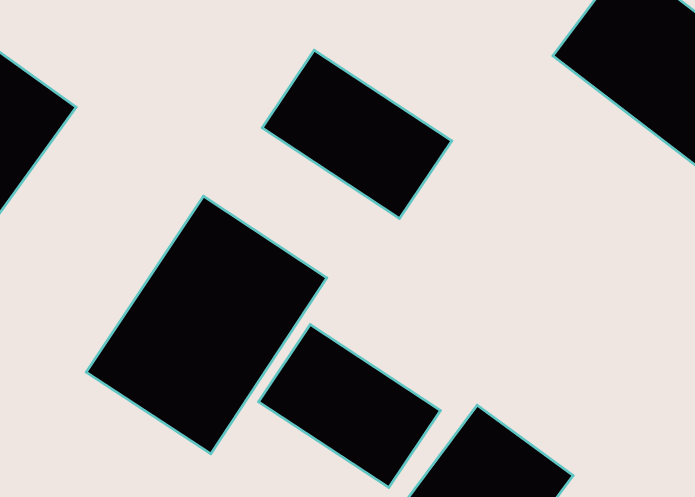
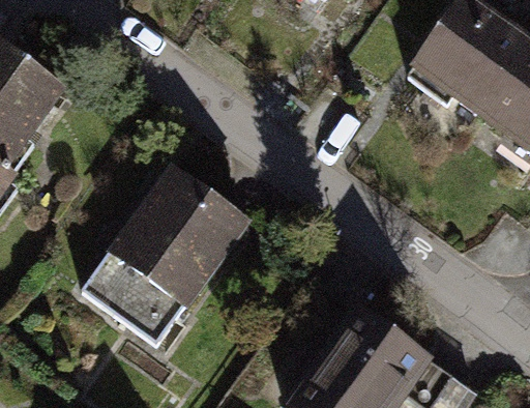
building: [262,50,452,218] -> none
building: [258,325,441,488] -> none

